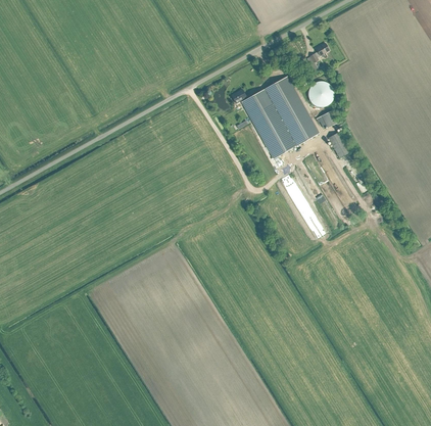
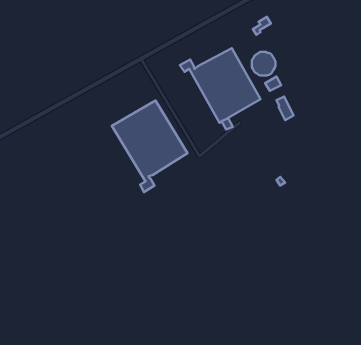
building: none -> [112,100,187,192]

